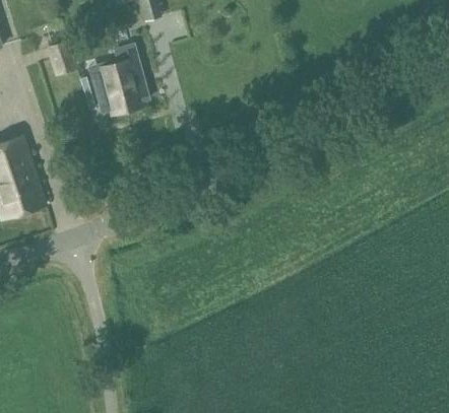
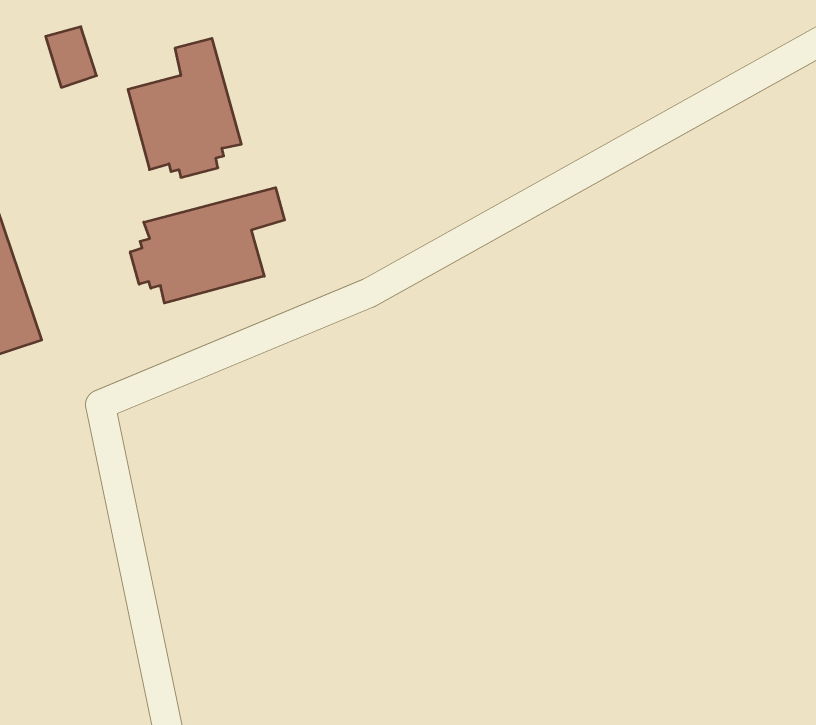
building: none -> [130,188,285,303]

